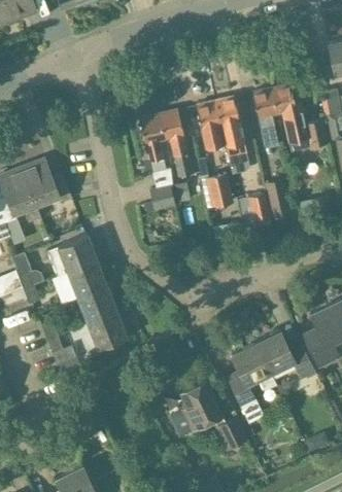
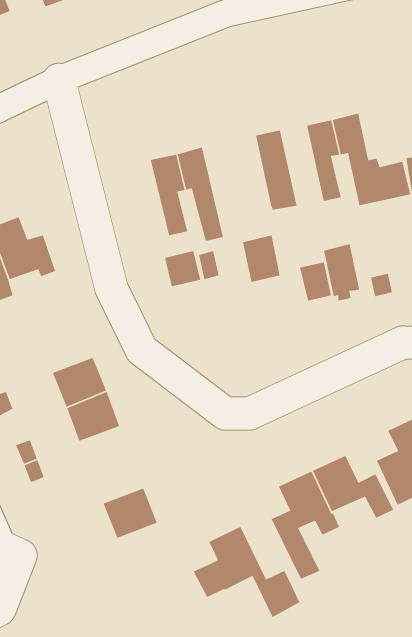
building: [195,101,226,153] -> none
building: [46,236,97,277] -> none
building: [87,312,127,349] -> [102,488,158,539]

